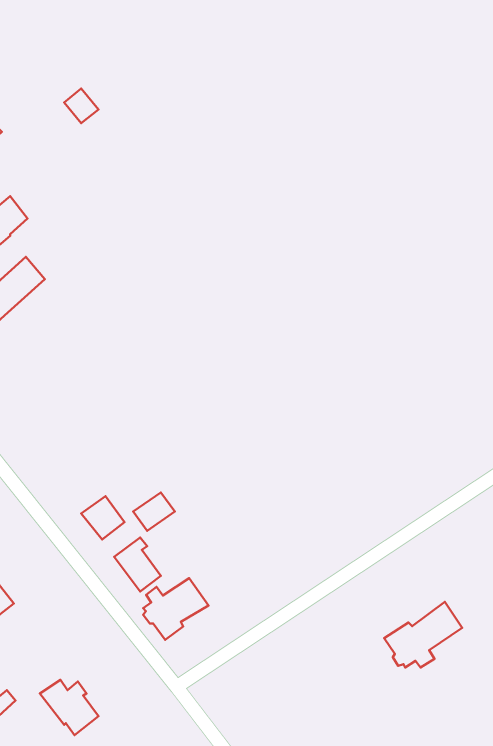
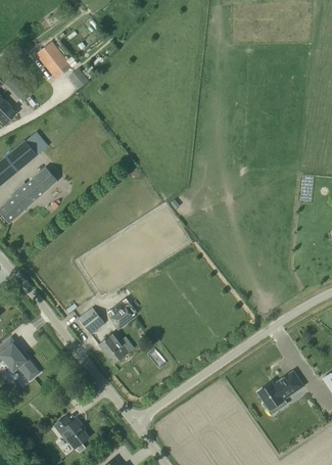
building: none -> [37,42,70,79]
building: [143,578,209,640] -> none

